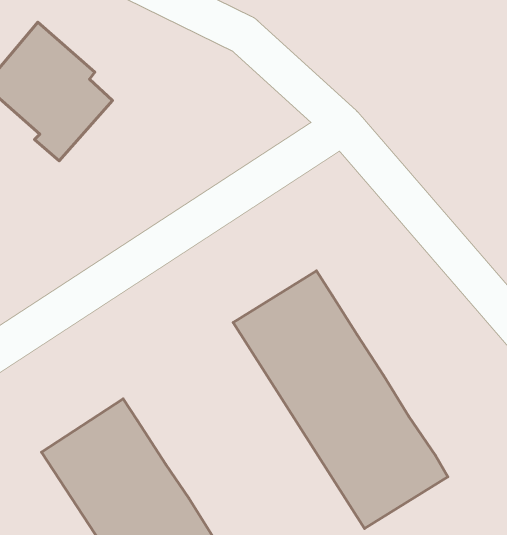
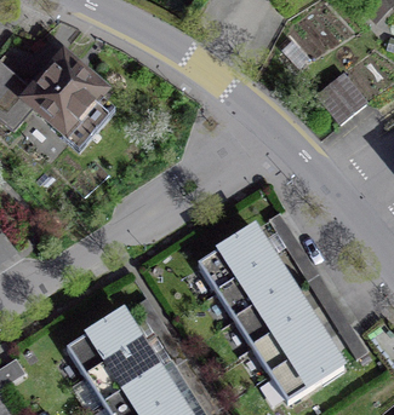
building: none -> [318,73,366,121]

